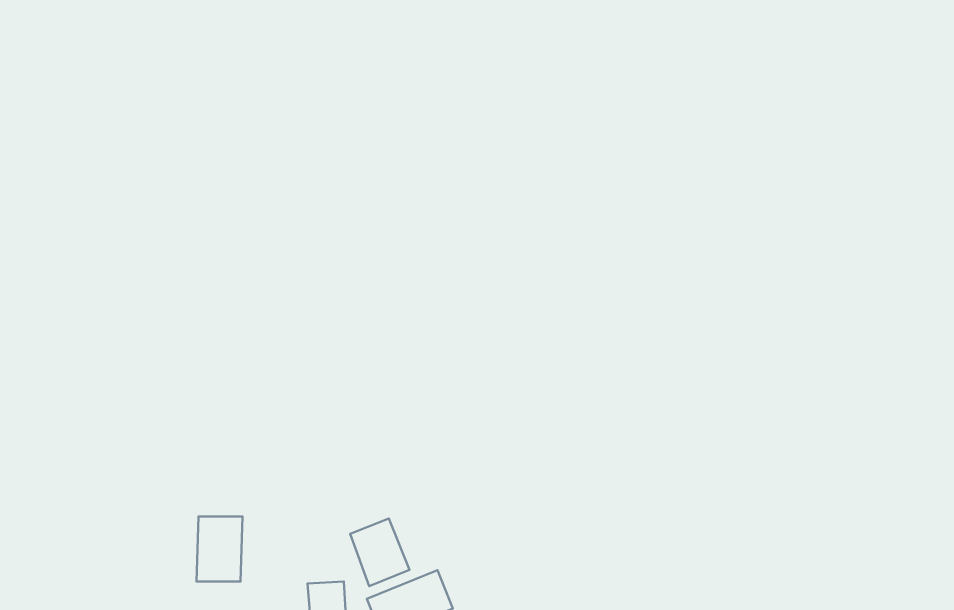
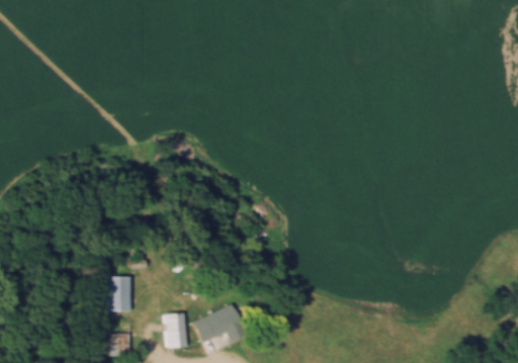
building: [350,518,410,586] -> none

